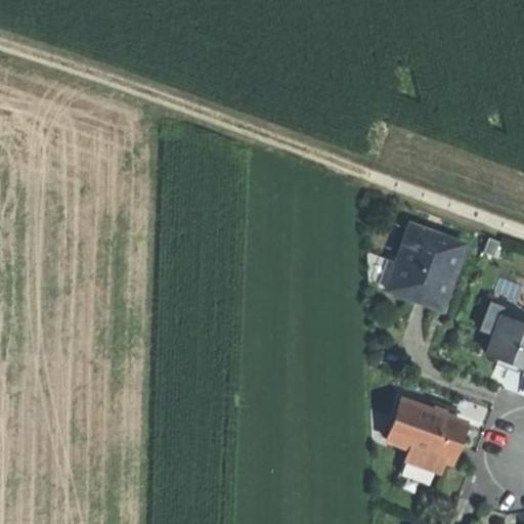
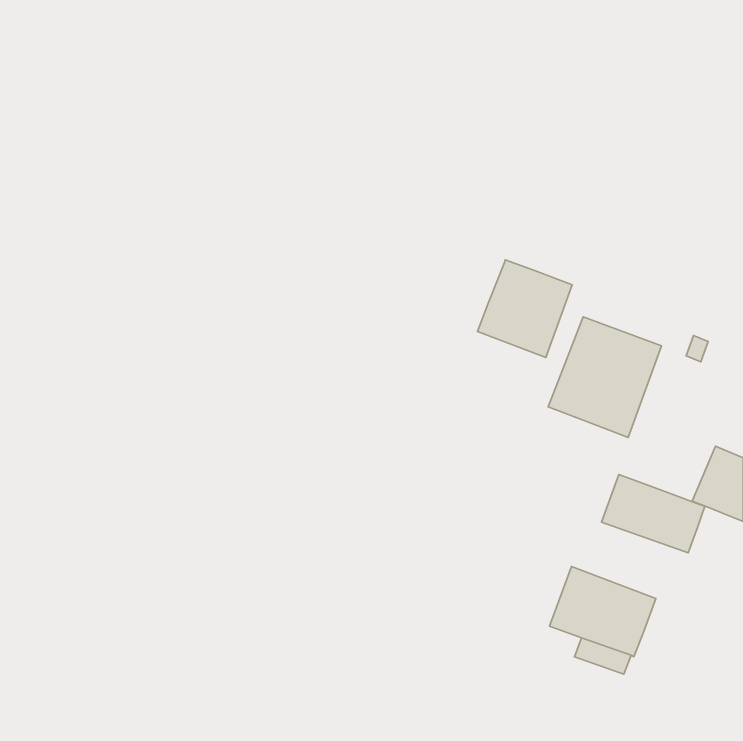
building: none -> [477,260,572,357]
building: none -> [601,474,705,553]

